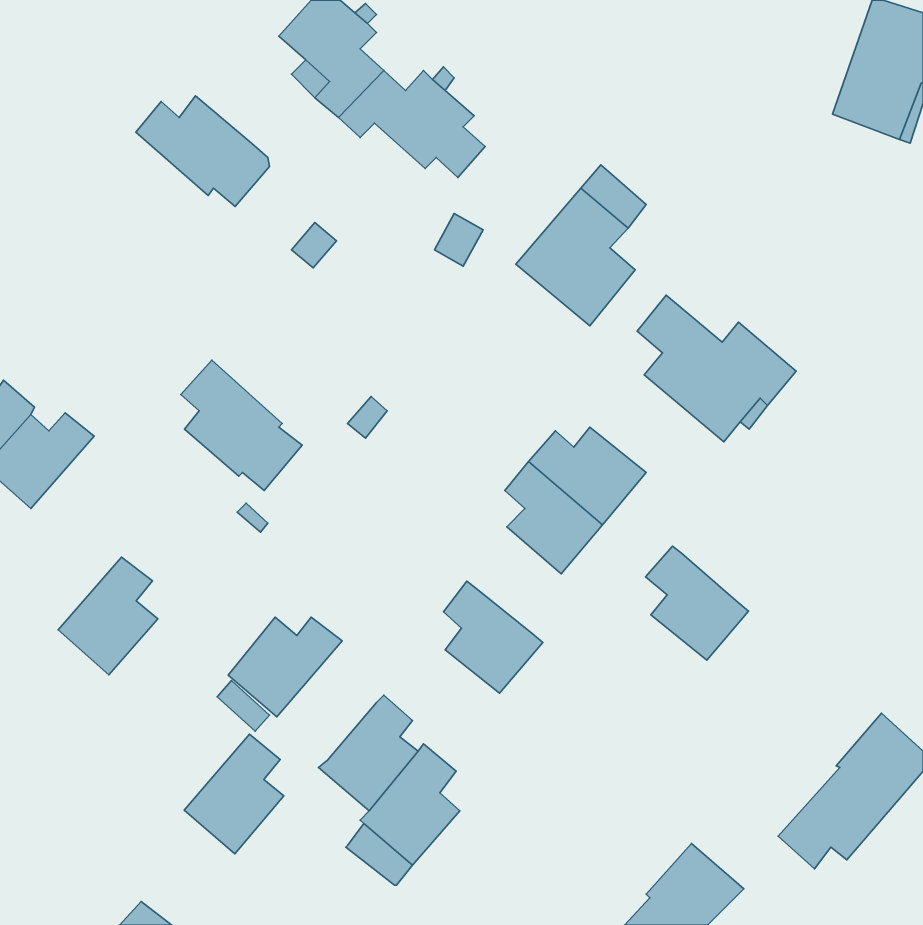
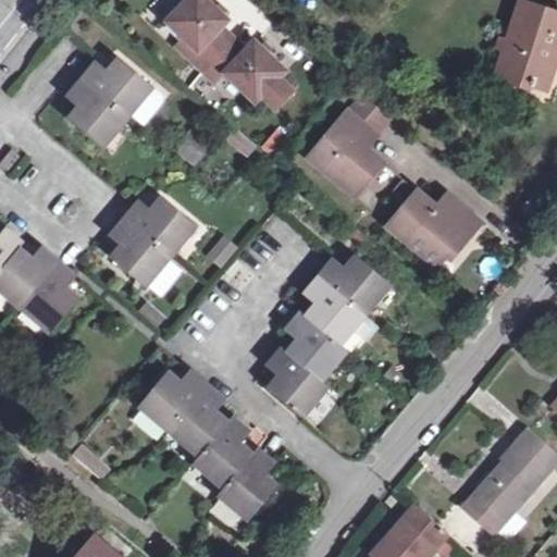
building: none -> [65,79,125,148]
building: none -> [127,198,194,255]
building: [645,546,749,660] -> [283,312,345,381]
building: [58,557,158,675] -> [18,262,78,333]
building: [184,734,284,854] -> [166,385,226,457]

